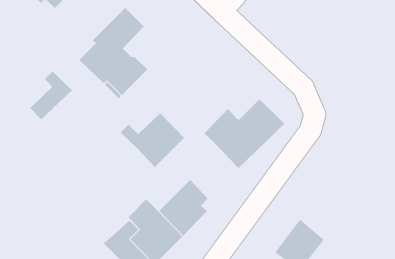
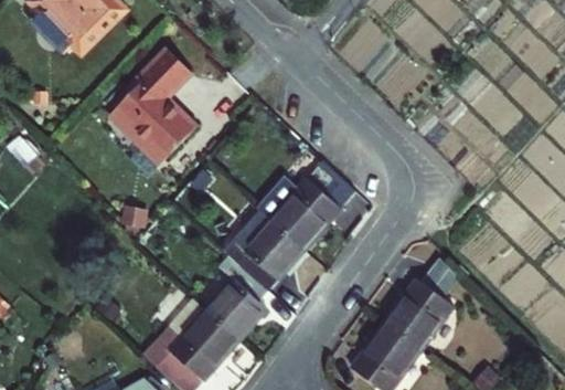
building: [29,71,73,120] -> none
building: [120,112,185,168] -> [230,220,311,289]
building: none -> [388,266,456,341]

